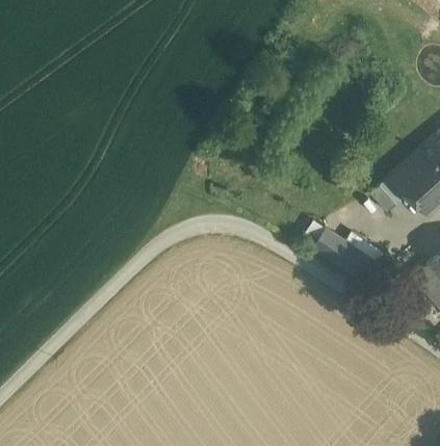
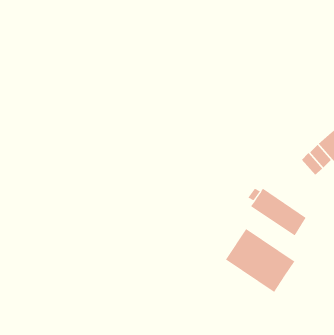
building: none -> [225,228,295,293]

